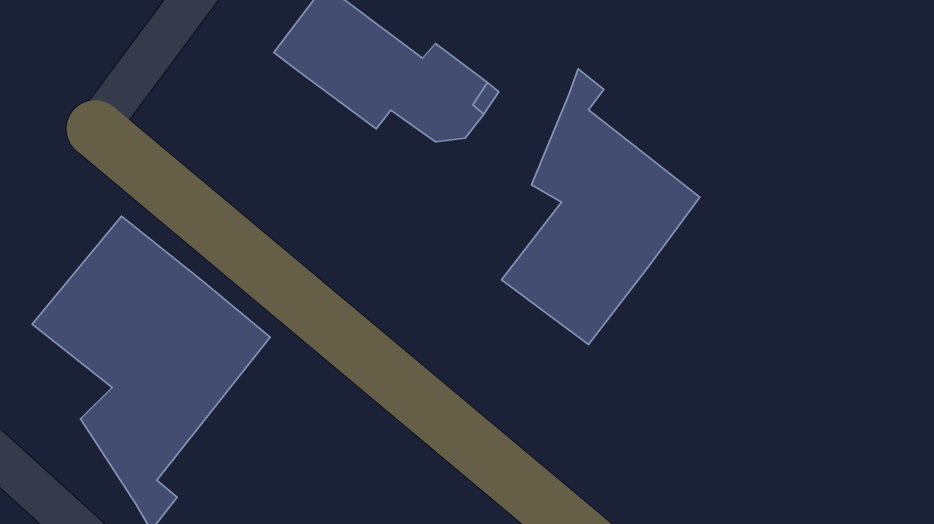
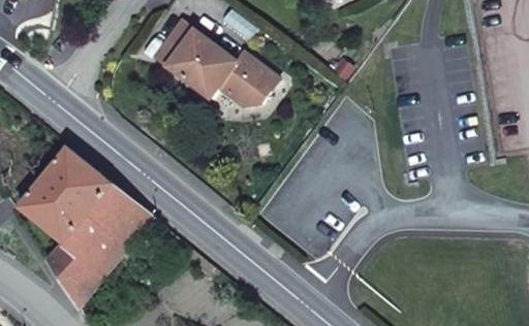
building: [501,69,700,345] -> none

